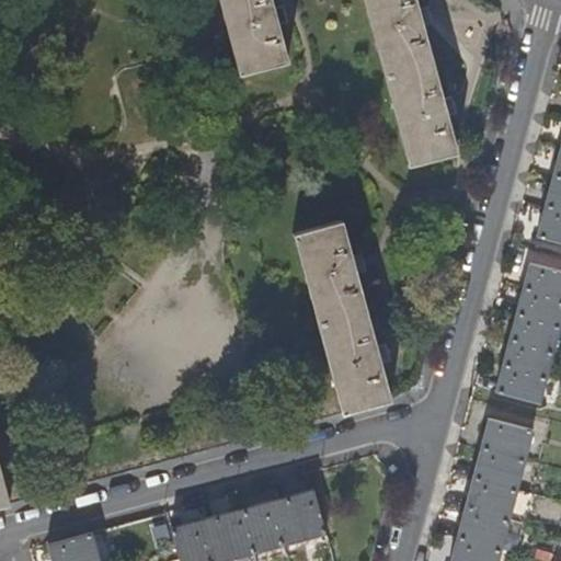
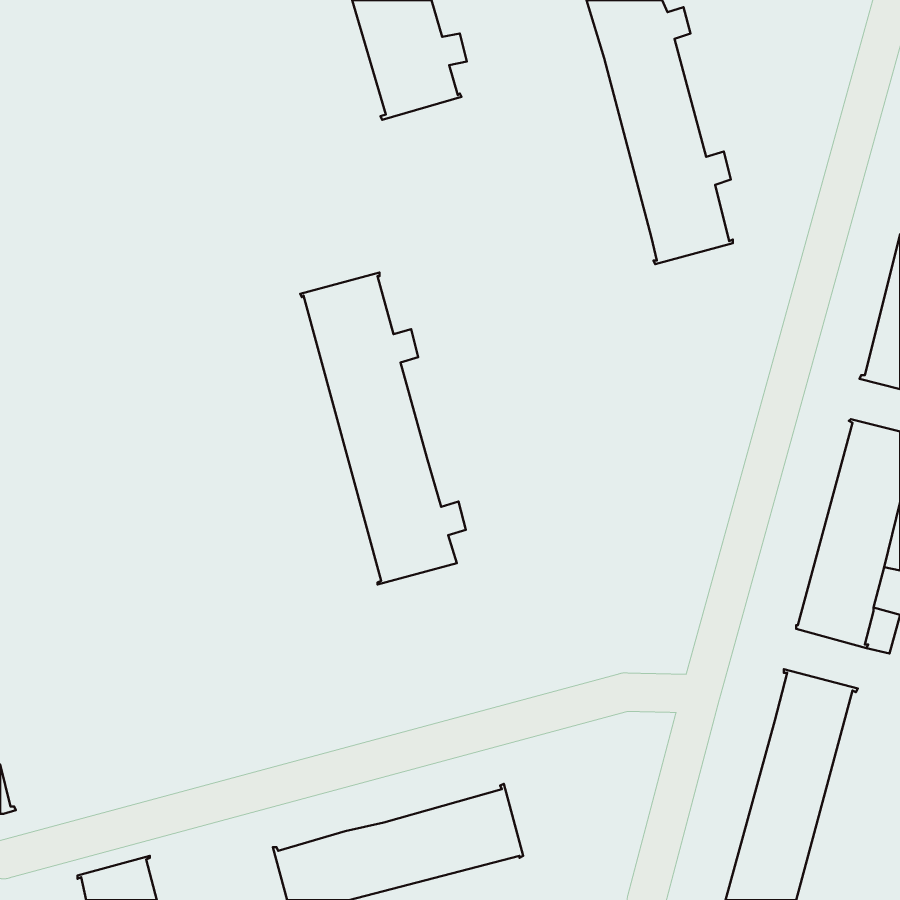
building: [293,219,396,413] -> [300,273,466,584]

